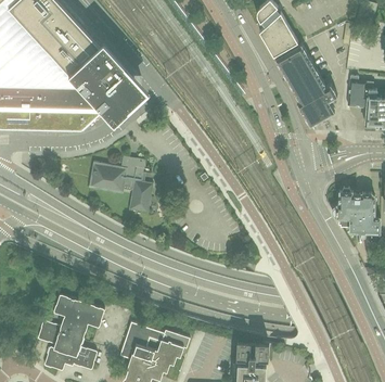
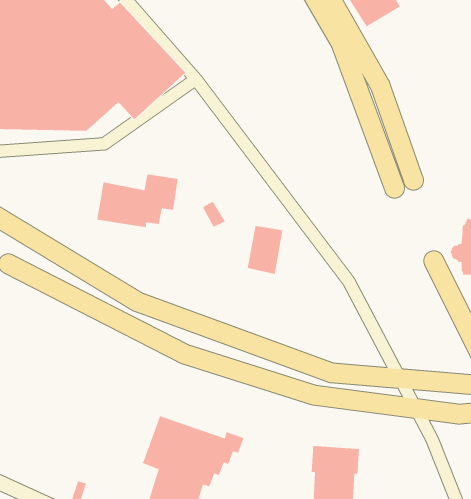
building: [274,42,336,125] -> none
building: [128,179,153,213] -> [247,226,283,275]
building: [37,292,104,369] -> none

